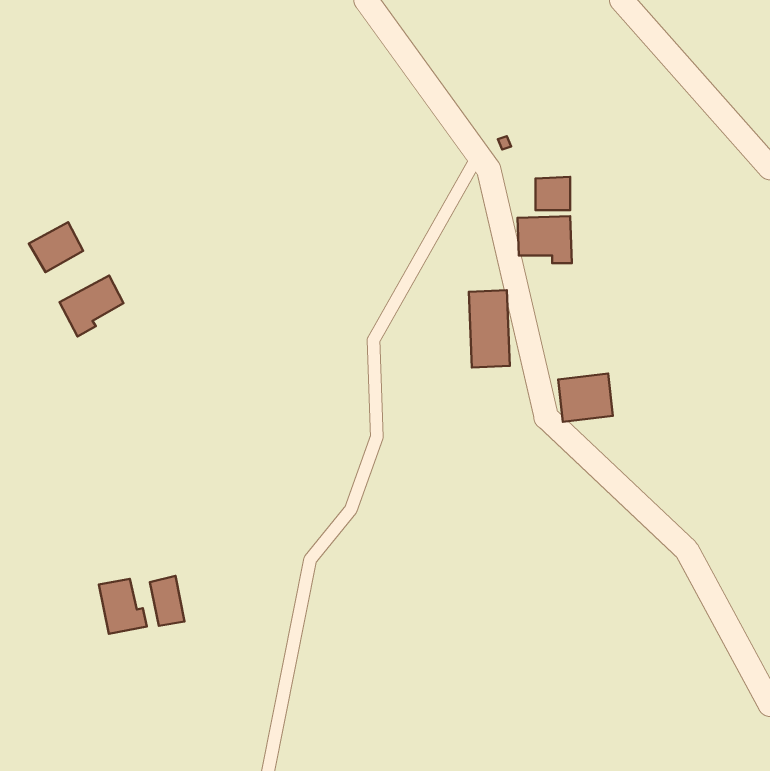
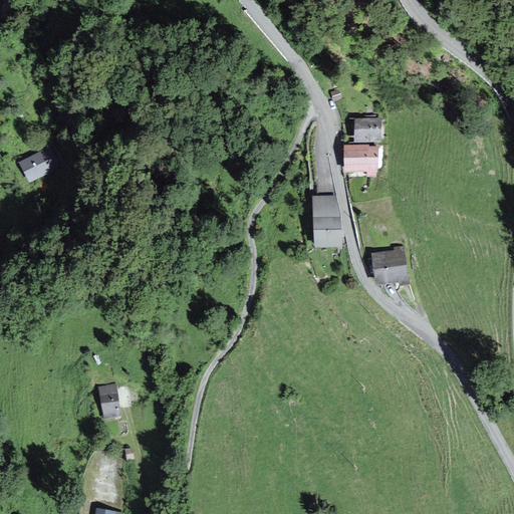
building: [59,276,123,336] -> none
building: [99,579,147,634] -> none

